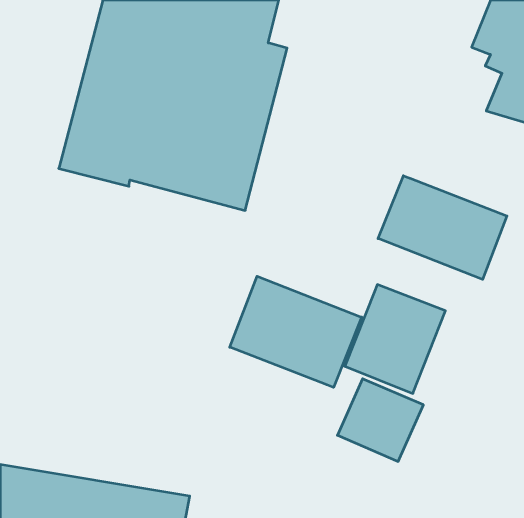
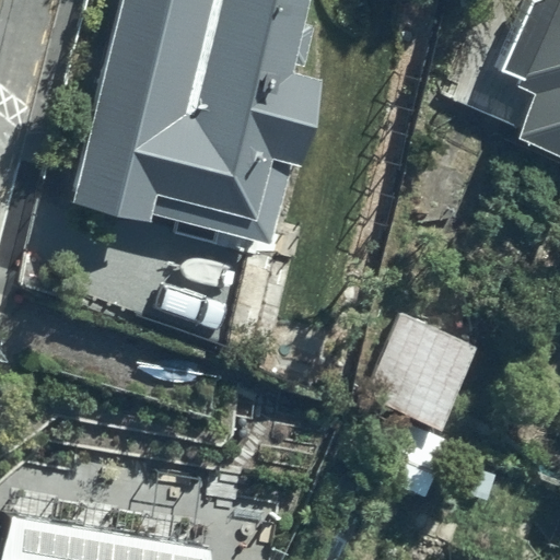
building: [378,176,507,279] -> none
building: [230,276,362,387] -> none

